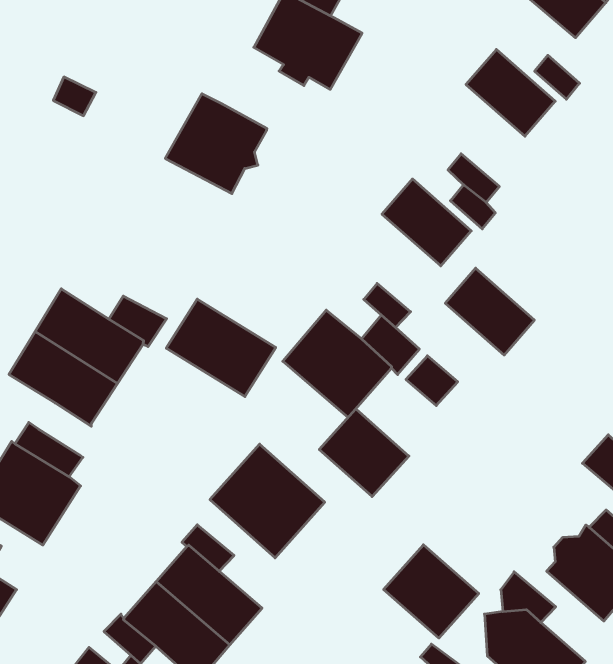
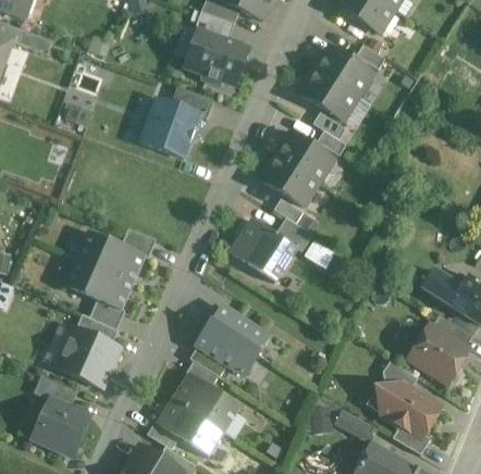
building: none -> [170,87,213,120]
building: none -> [300,71,356,121]
building: [445,268,534,355] -> [261,157,317,207]
building: [166,299,276,397] -> none
building: none -> [88,300,124,329]
building: [319,409,409,497] -> none
building: [384,545,479,638] -> none

